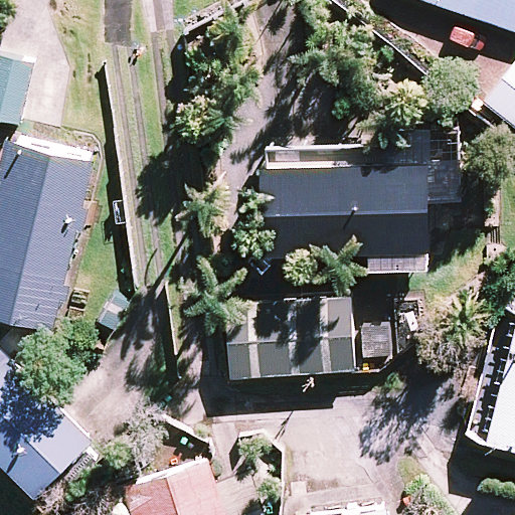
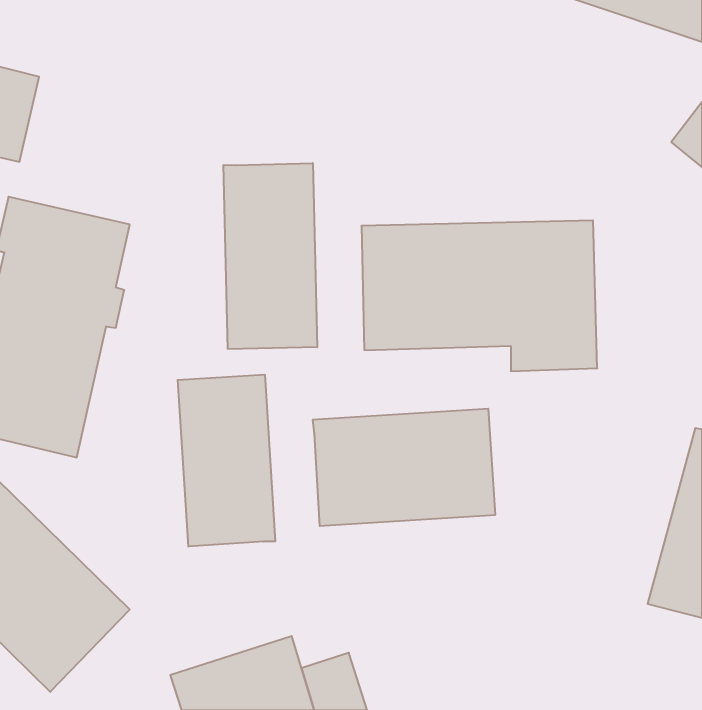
building: none -> [223,163,317,349]
building: none -> [178,375,275,547]

